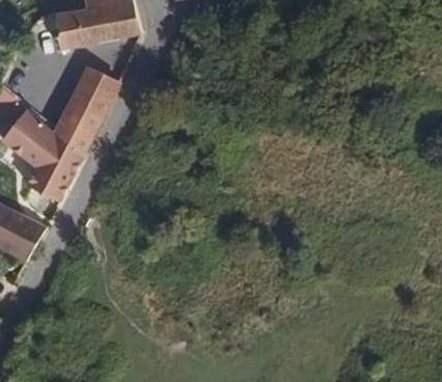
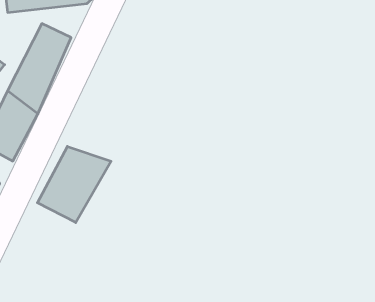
building: none -> [37,146,111,223]

